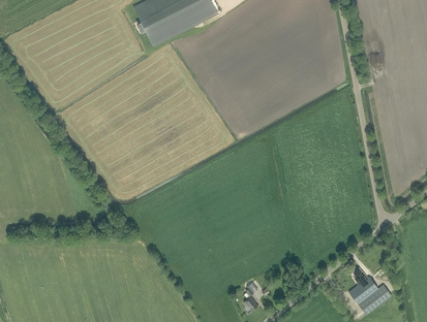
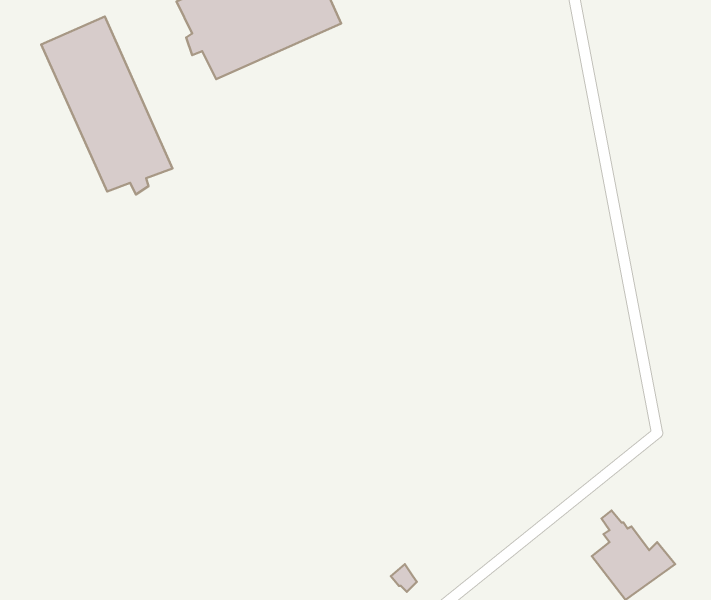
building: none -> [41,16,173,194]

